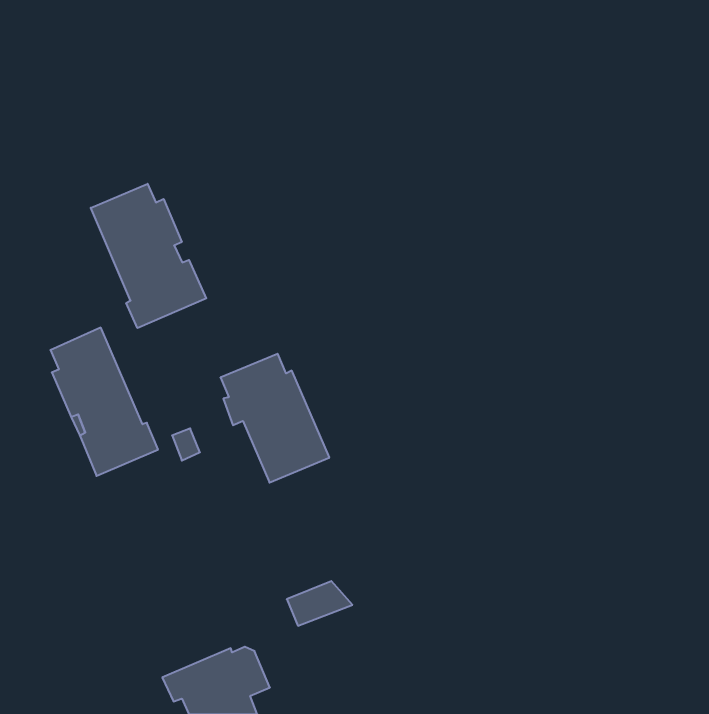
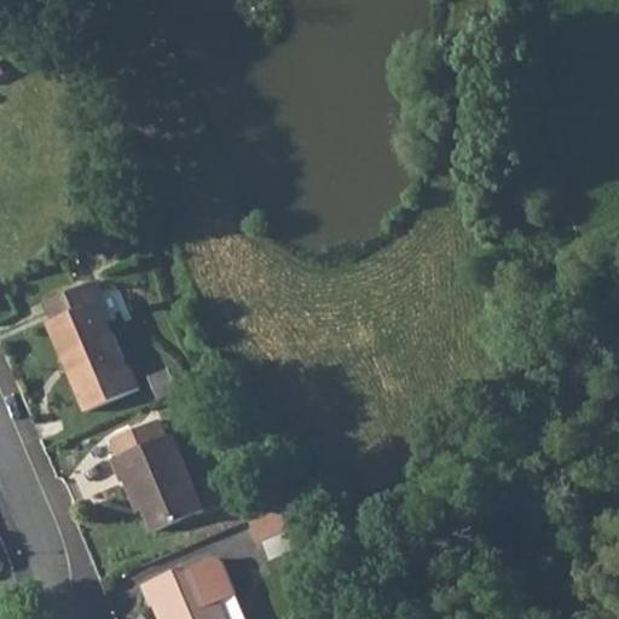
building: [91,184,206,328] -> none
building: [220,354,329,483] -> [108,420,202,531]

